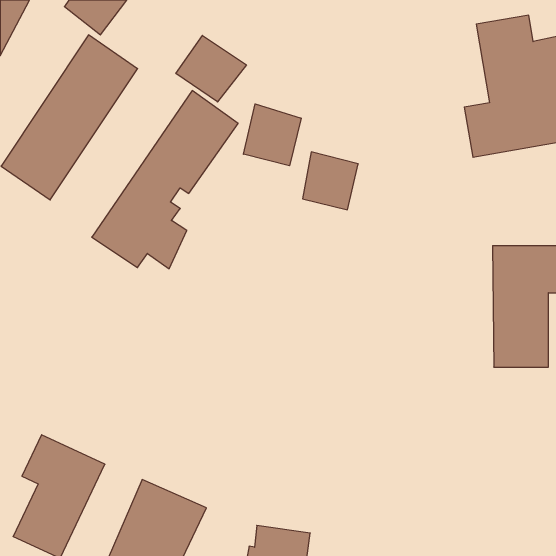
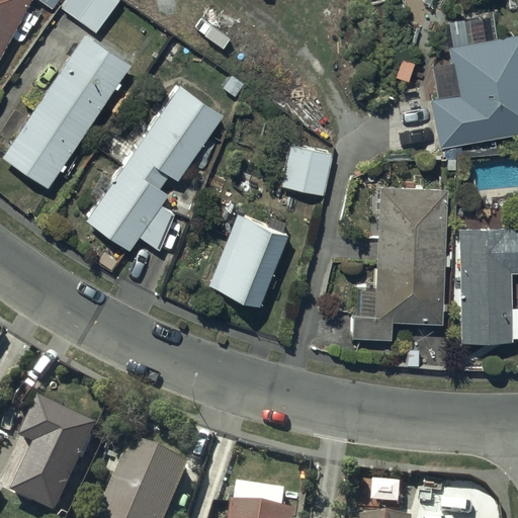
building: [176,35,246,102] -> none
building: [243,104,301,166] -> none
building: none -> [351,186,446,340]
building: none -> [208,213,290,307]

